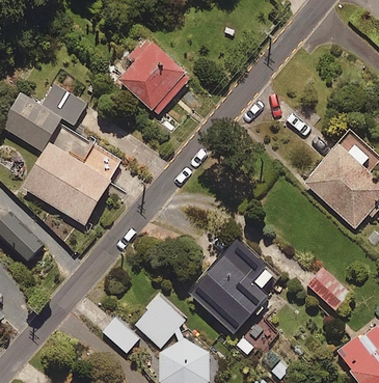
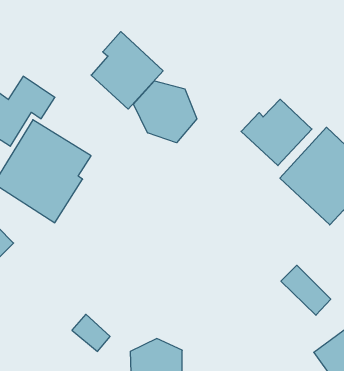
building: none -> [133,81,197,143]
building: none -> [241,99,312,166]
building: [190,241,275,334] -> none
building: [134,290,187,347] -> none

